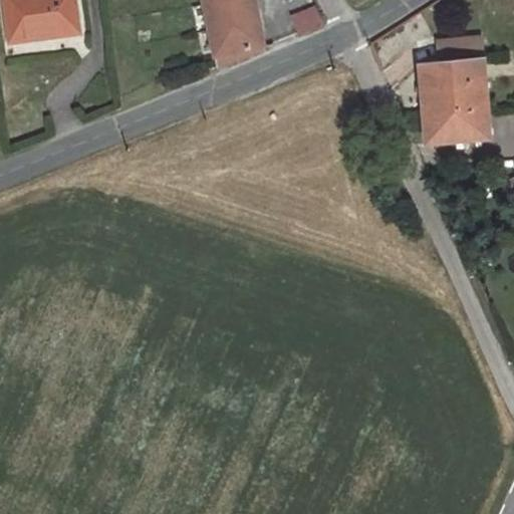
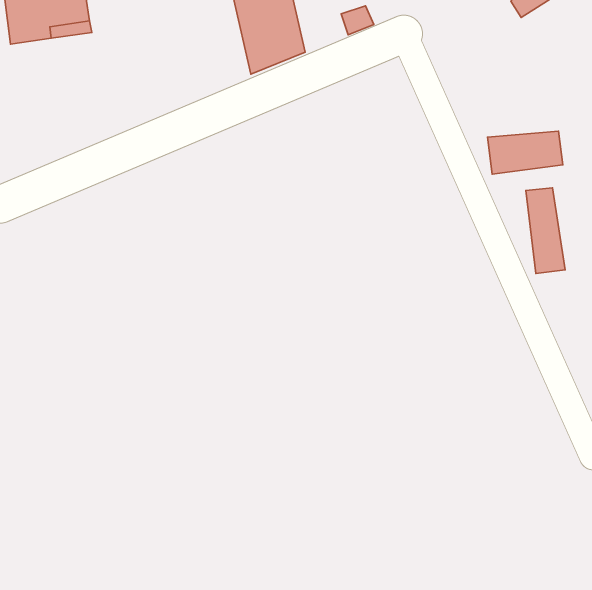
building: [419,37,484,118] -> none
building: none -> [526,188,565,274]

